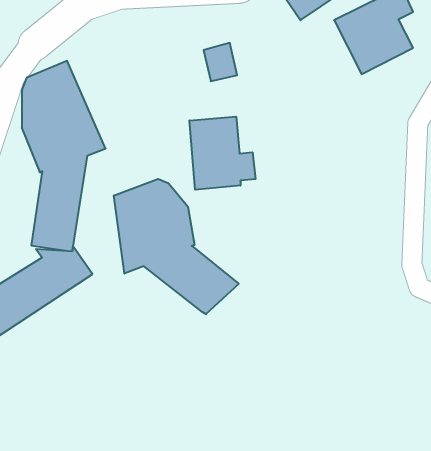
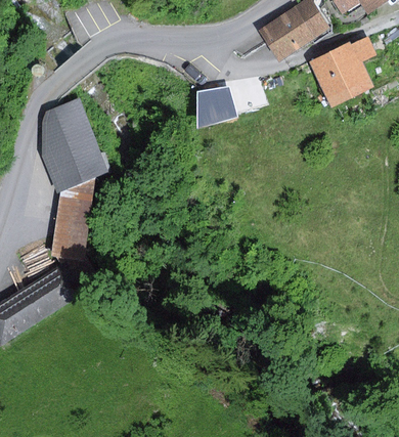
building: [189,117,256,190] -> none
building: [114,179,239,314] -> none

